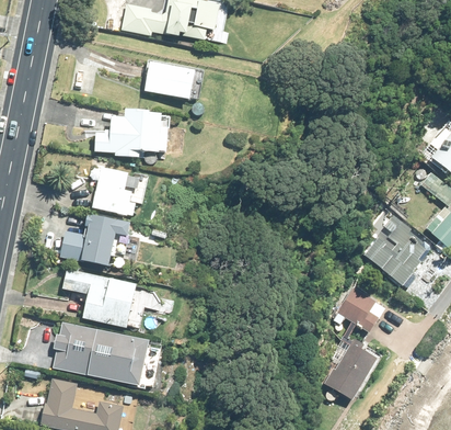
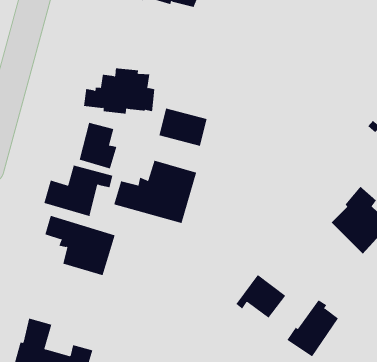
building: [146,60,196,99] -> [158,108,207,147]
building: none -> [114,160,197,224]
building: [334,286,386,332] -> [236,274,286,319]
building: [54,321,150,385] -> none

